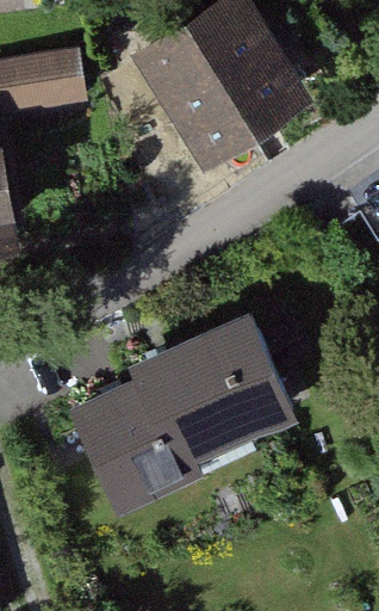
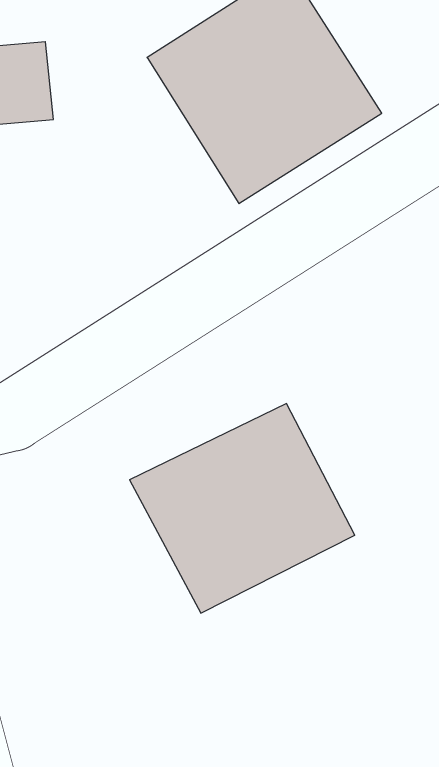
building: [67,374,188,514] -> none

